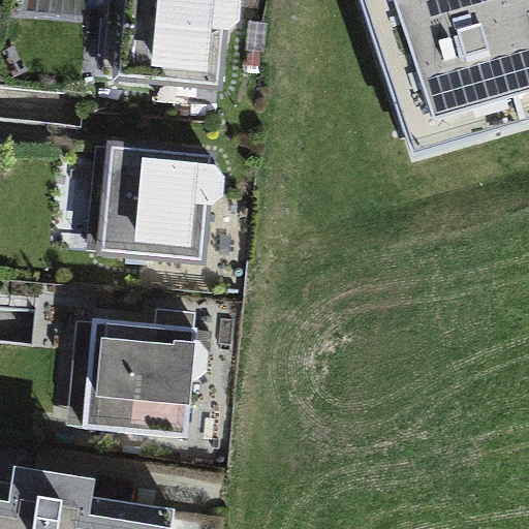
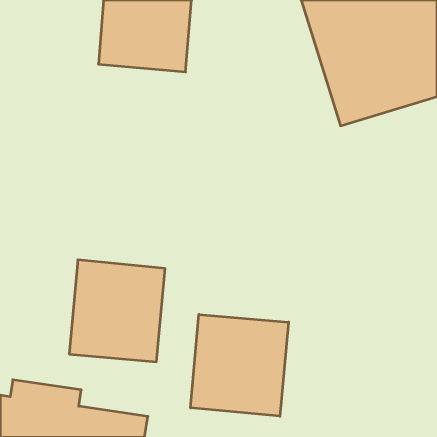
building: [96,137,218,264] -> none
building: none -> [191,314,289,416]

